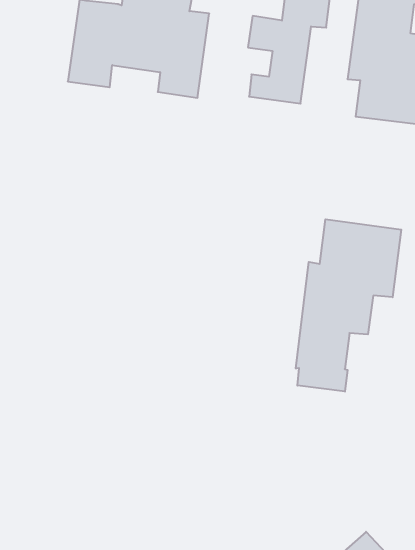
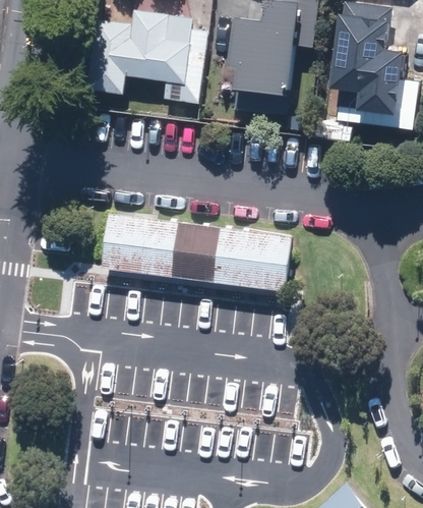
building: [296,219,401,392] -> none
building: none -> [100,213,291,291]

